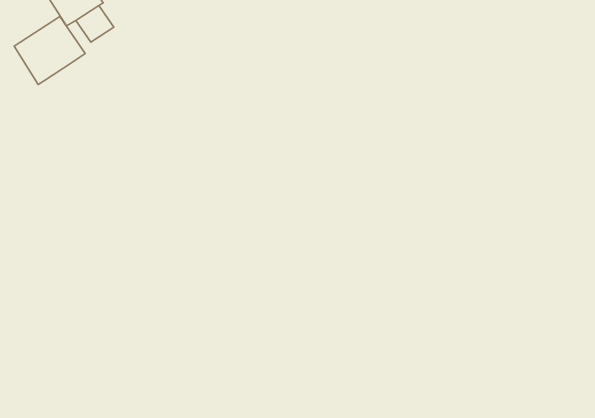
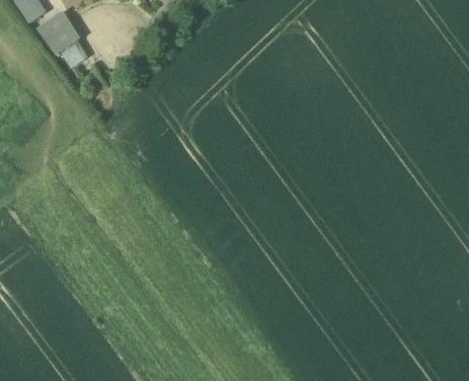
building: [14,16,85,85] -> none

